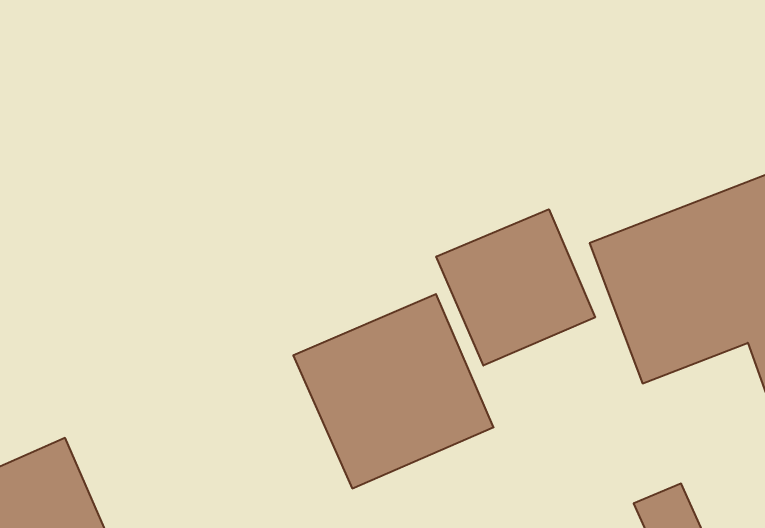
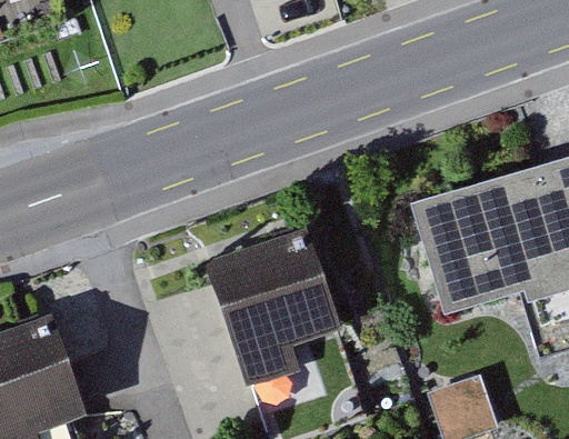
building: [436,209,595,366] -> none

